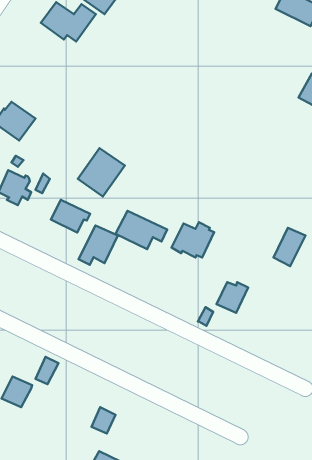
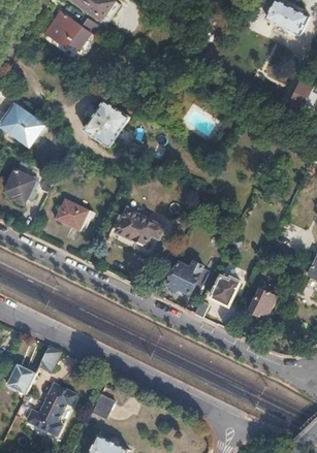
building: [78,148,125,196] -> [83,101,127,147]
building: [171,222,214,257] -> [167,261,208,294]
building: [79,225,118,265] -> none
building: [274,228,305,266] -> [249,282,279,318]
building: none -> [28,383,77,434]

